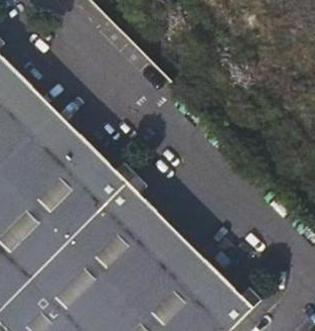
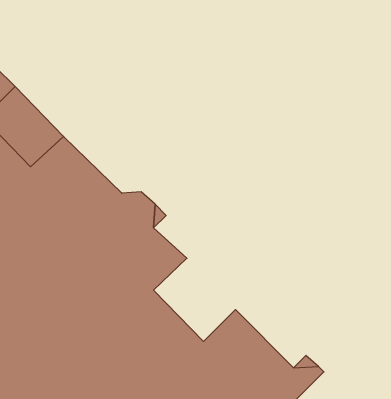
building: [134,215,193,275] -> none

